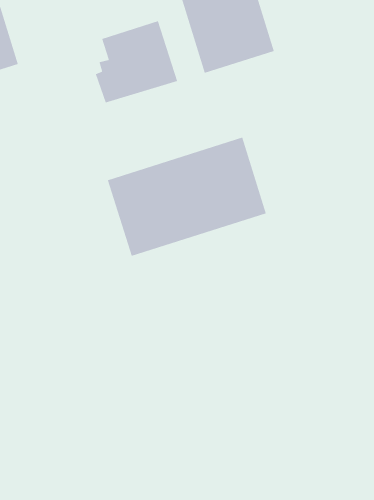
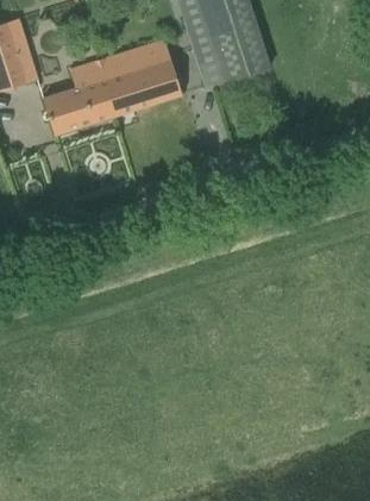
building: none -> [43,56,118,136]
building: [107,137,267,257] -> none

